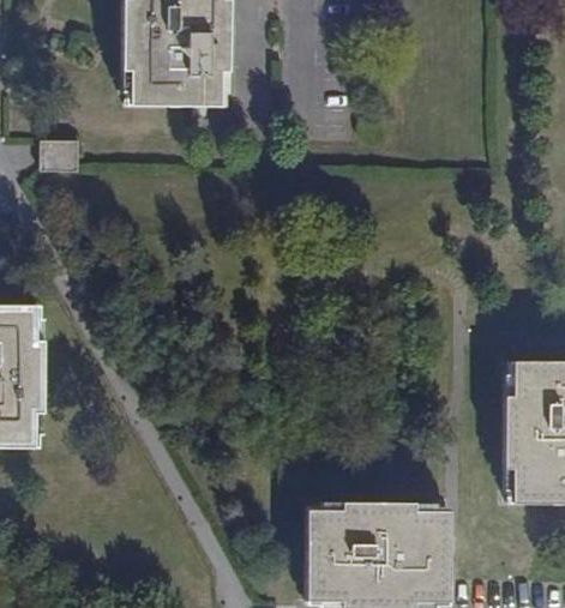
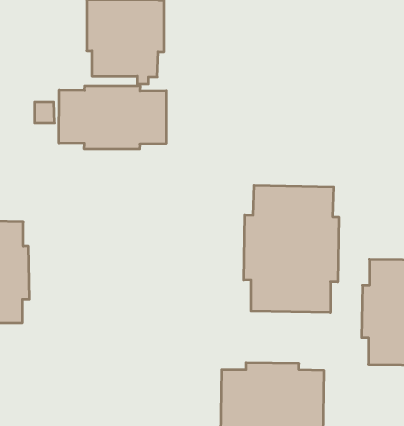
building: none -> [59,86,166,149]
building: none -> [244,185,339,313]

